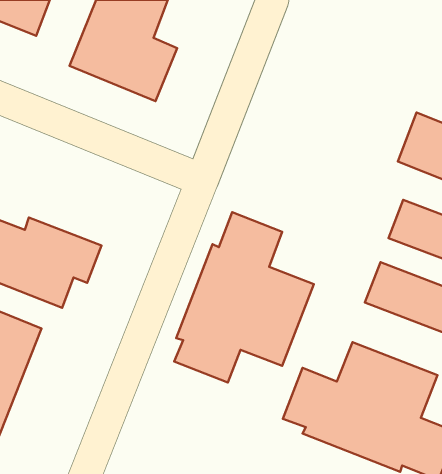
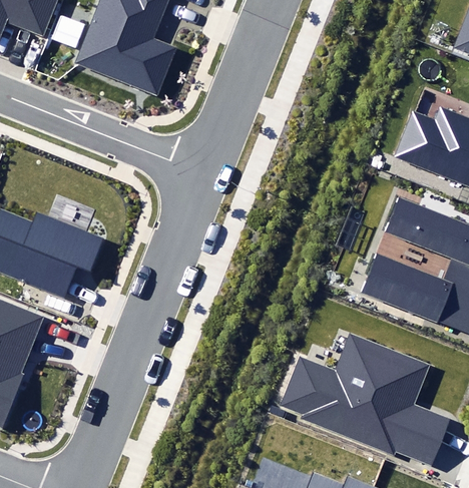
building: [174,212,314,383] -> none

